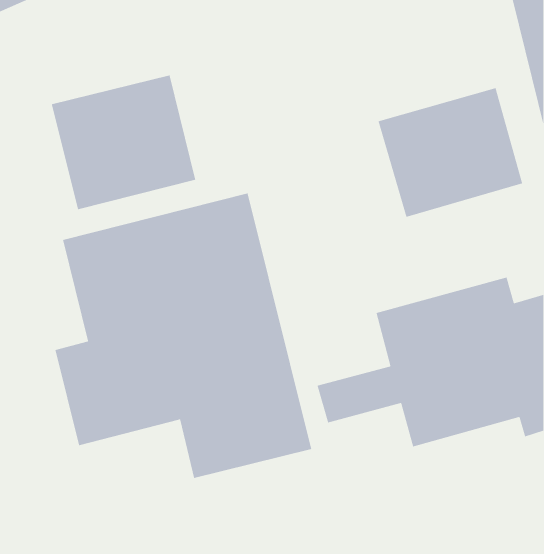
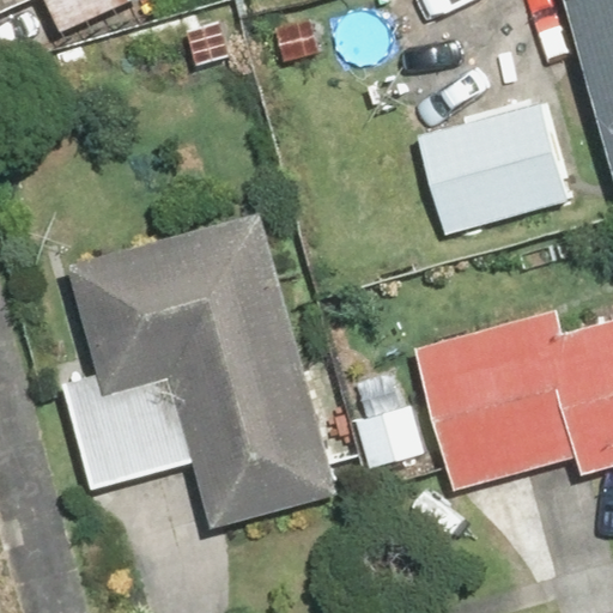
building: [51,75,196,210] -> none

